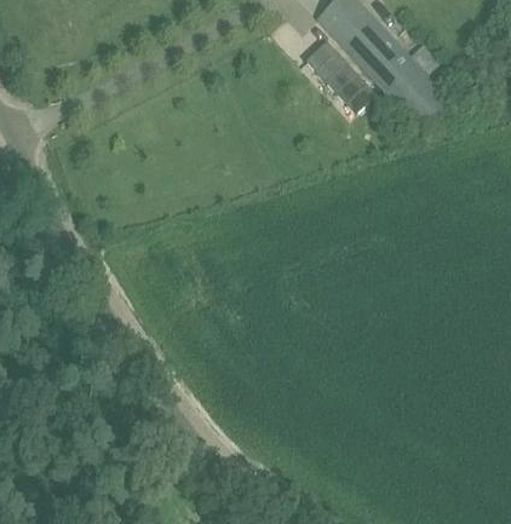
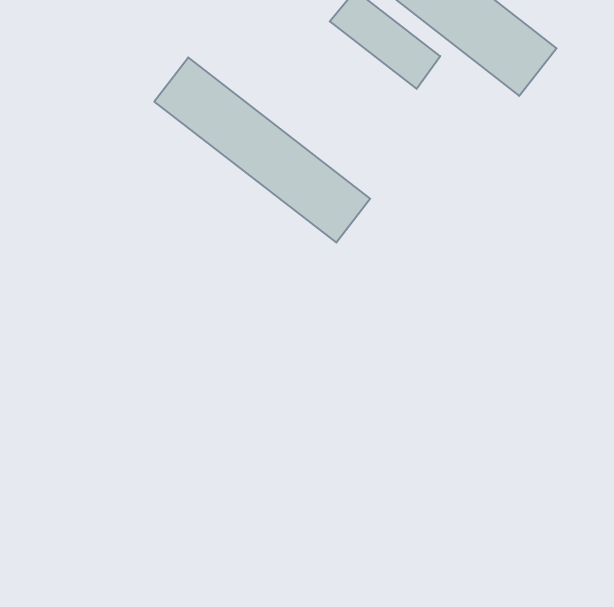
building: none -> [154,57,370,243]

